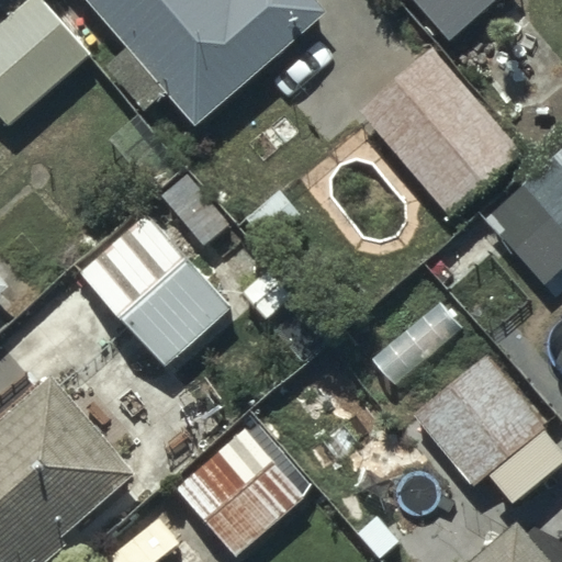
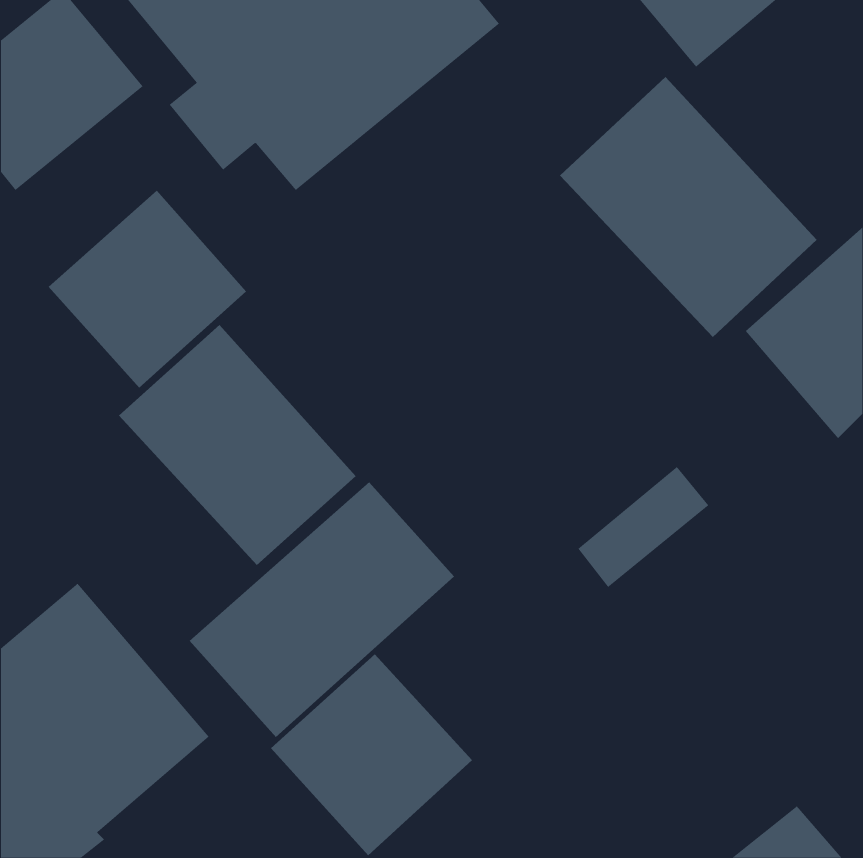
building: none -> [48,190,247,388]
building: none -> [189,482,455,738]
building: [413,353,546,486] -> none

